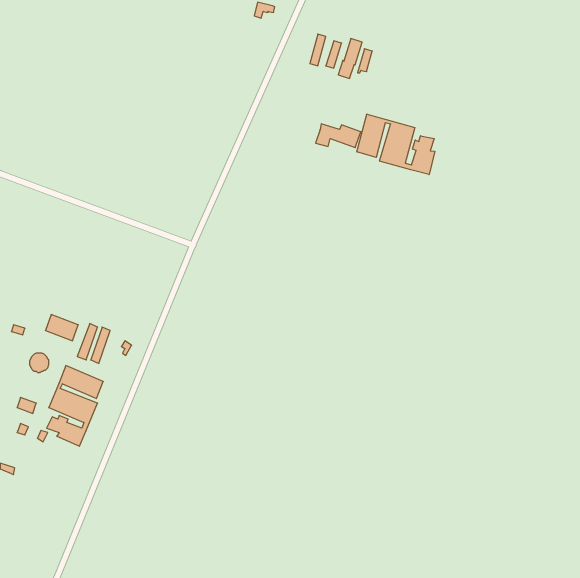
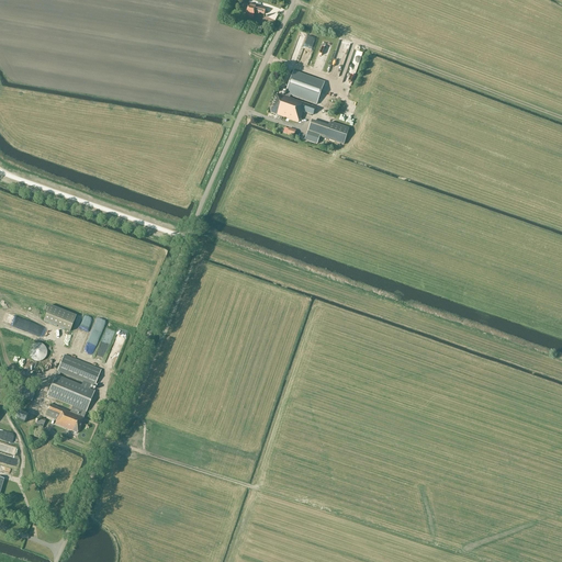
building: none -> [270,70,324,121]
building: [357,114,435,175] -> none

